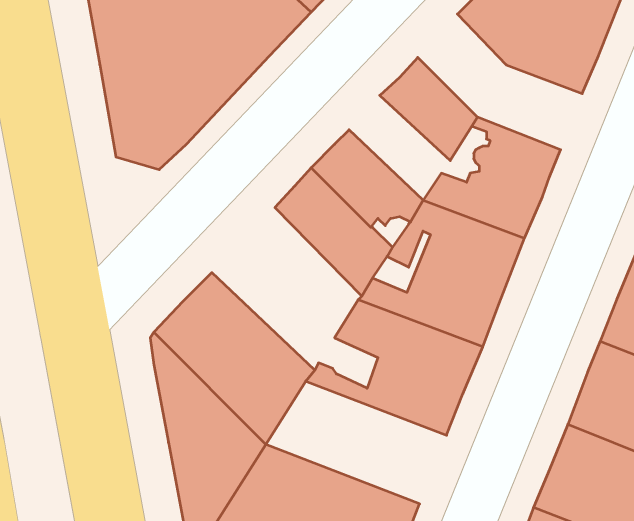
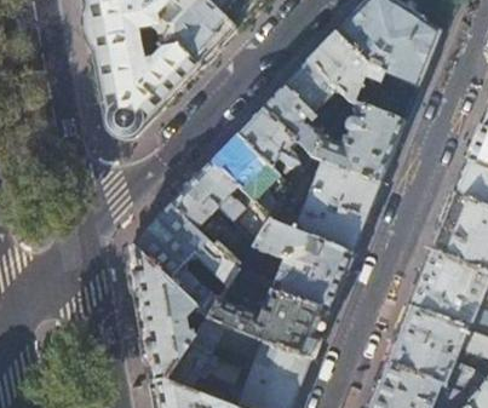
building: none -> [305,35,415,126]
building: none -> [259,90,327,160]
building: none -> [167,165,268,274]
building: none -> [203,281,325,363]

